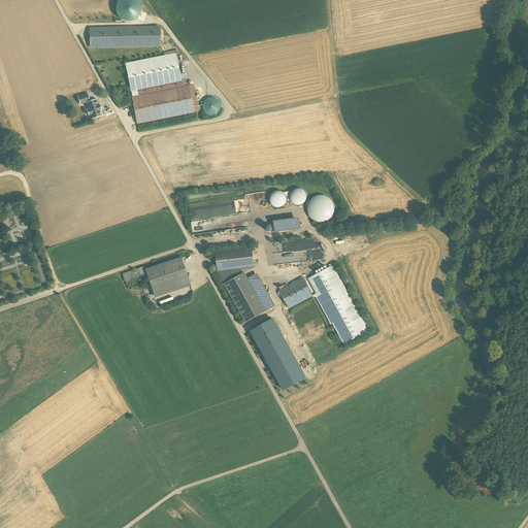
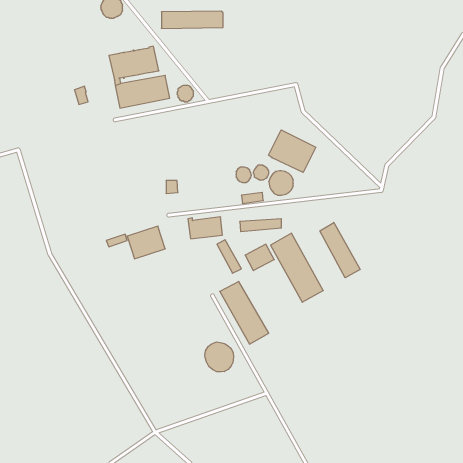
building: [89,27,159,46] -> [161,11,223,28]
building: none -> [269,130,316,172]
building: none -> [320,222,360,278]
building: [224,272,264,322] -> none
building: none -> [205,342,234,372]

